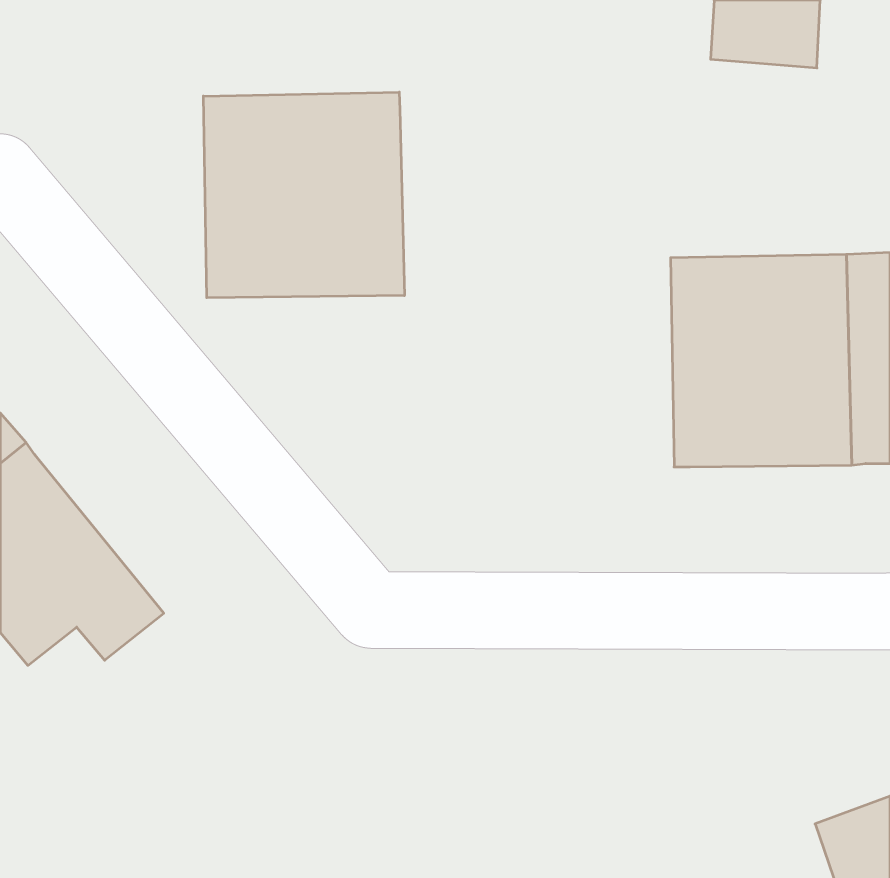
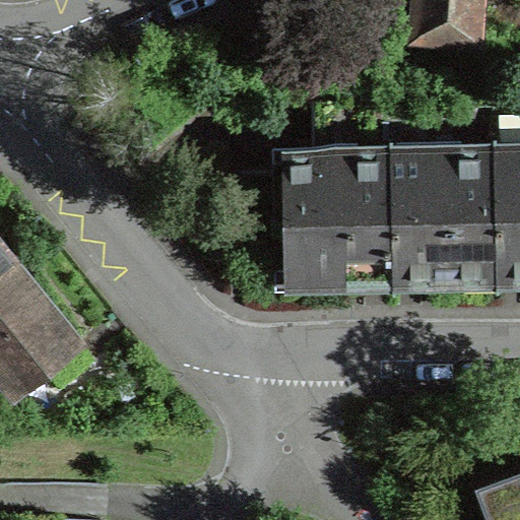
building: [203,92,404,298] -> none
building: none -> [284,104,393,281]

